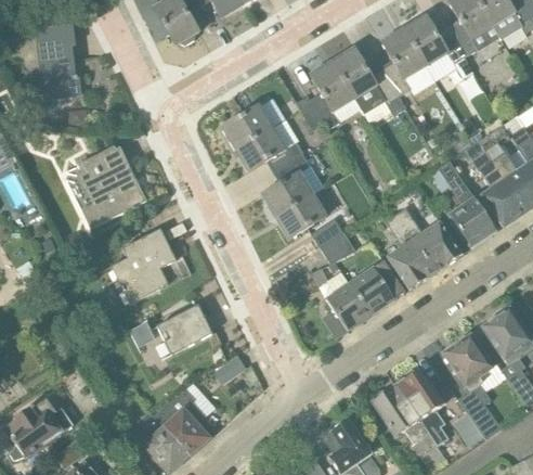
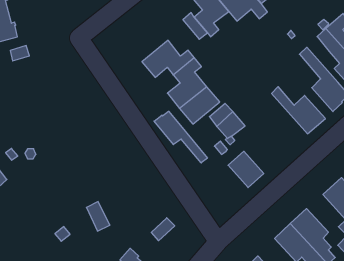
building: [221,104,272,149] -> none
building: [76,145,146,229] -> none
building: [385,214,434,290] -> none
building: none -> [154,111,207,163]
building: [110,229,176,303] -> none
building: [349,260,404,316] -> none
building: [156,304,212,354] -> none

